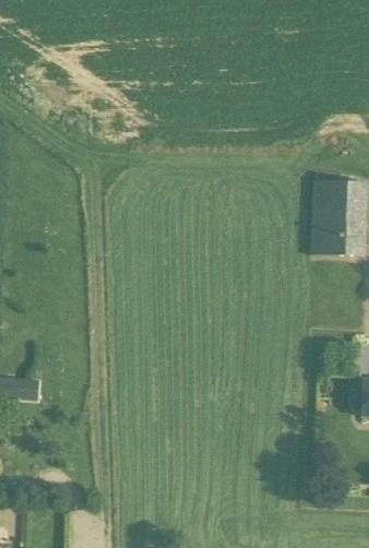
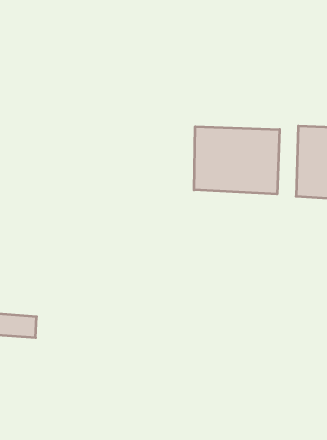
building: none -> [194,127,280,194]

